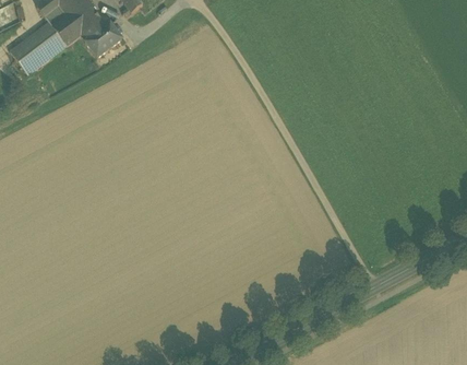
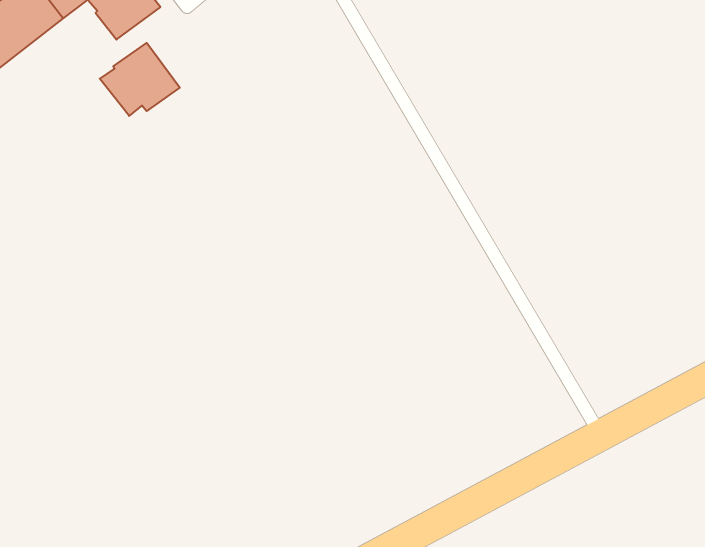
building: none -> [100,43,180,116]

